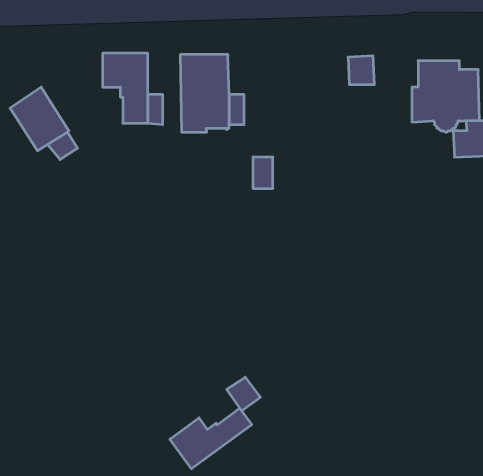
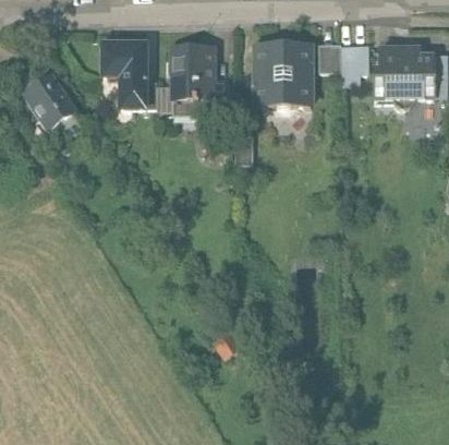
building: none -> [255,55,312,113]
building: none -> [341,55,368,94]
building: [170,408,252,469] -> none

